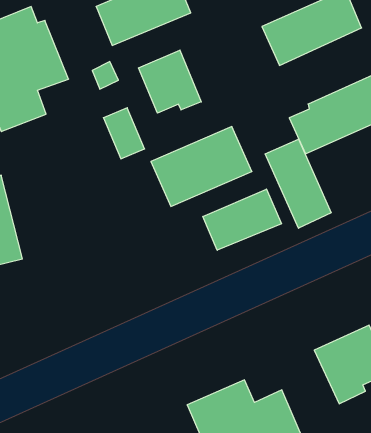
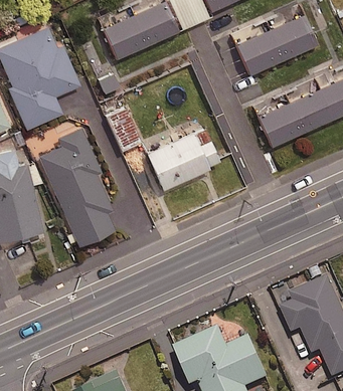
building: [138,50,201,113] -> none
building: none -> [40,128,115,246]
building: [265,139,331,228] -> none
building: [203,189,282,250] -> none

